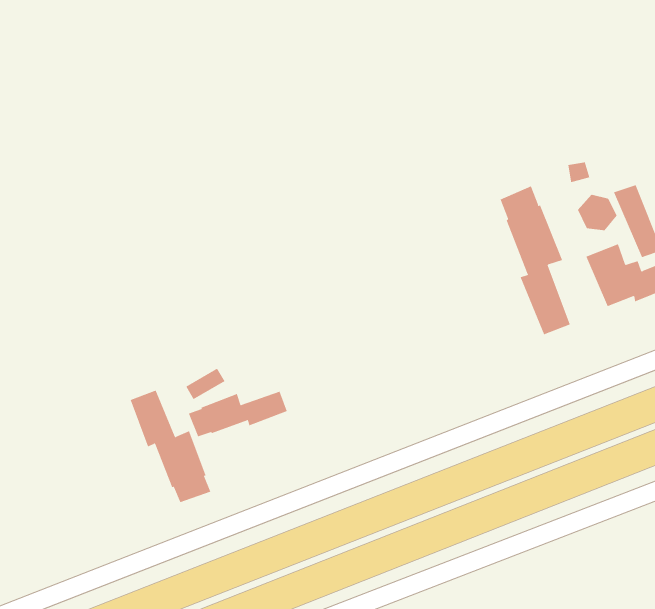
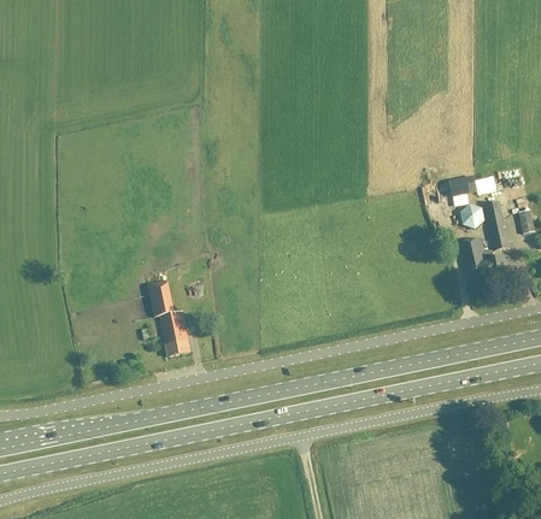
building: [500,185,570,335] -> none
building: [188,391,288,437] -> none

